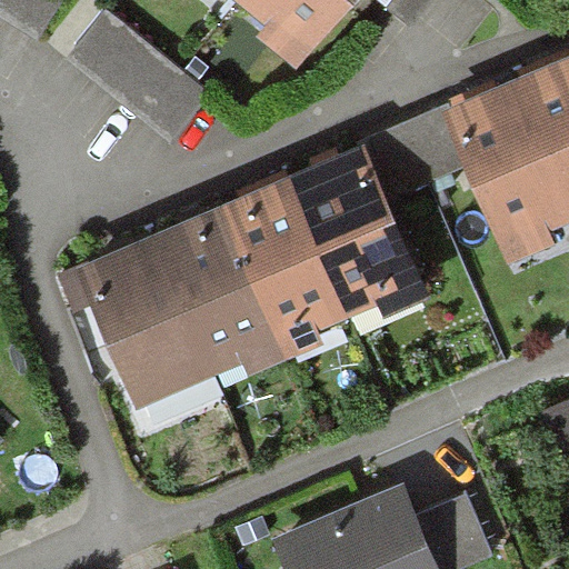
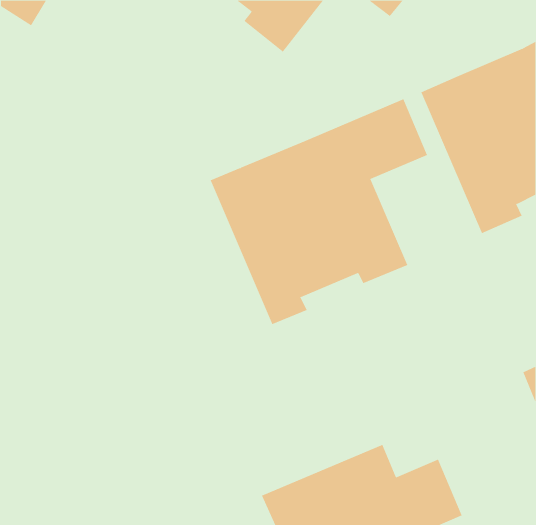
building: [67,18,199,141] -> none
building: [81,202,288,400] -> none

